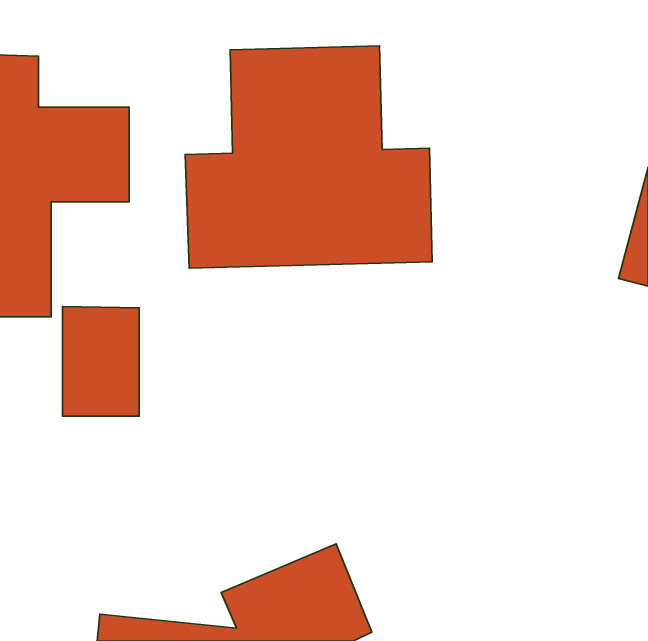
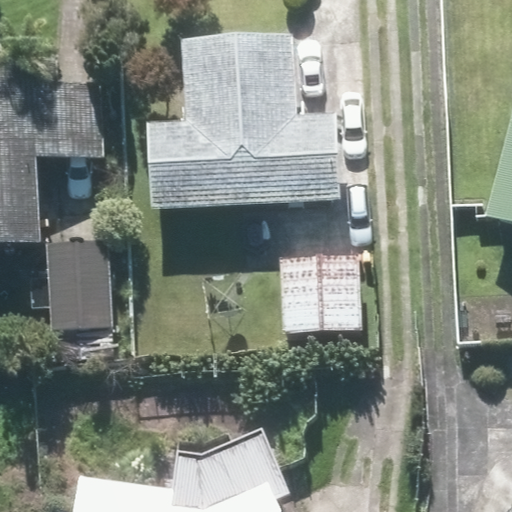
building: none -> [277,255,358,332]

